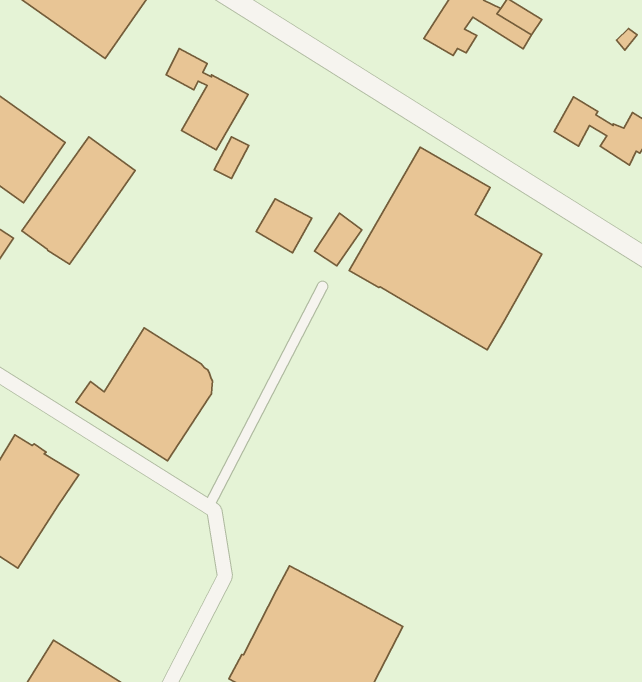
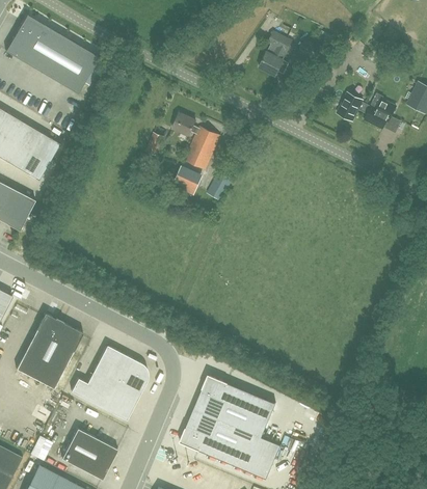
building: [166,49,248,150] -> [172,113,220,169]
building: [22,137,135,264] -> none
building: [349,147,542,350] -> none
building: [76,328,212,461] -> [71,345,148,419]

